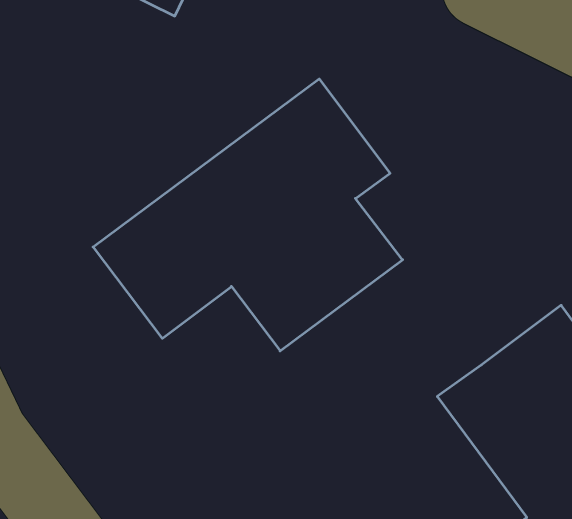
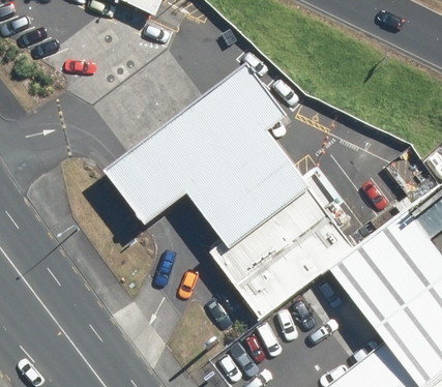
building: none -> [208,178,356,318]

